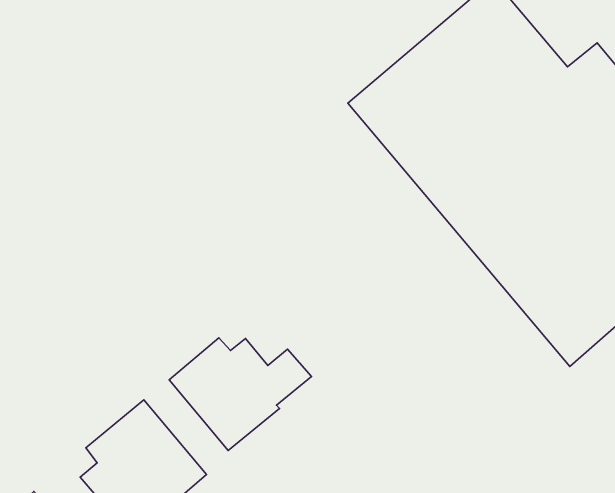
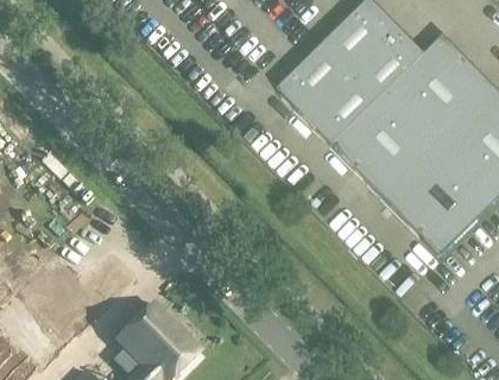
building: [169,338,311,451] -> none

